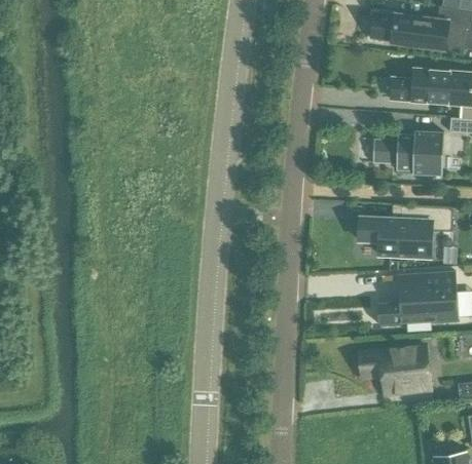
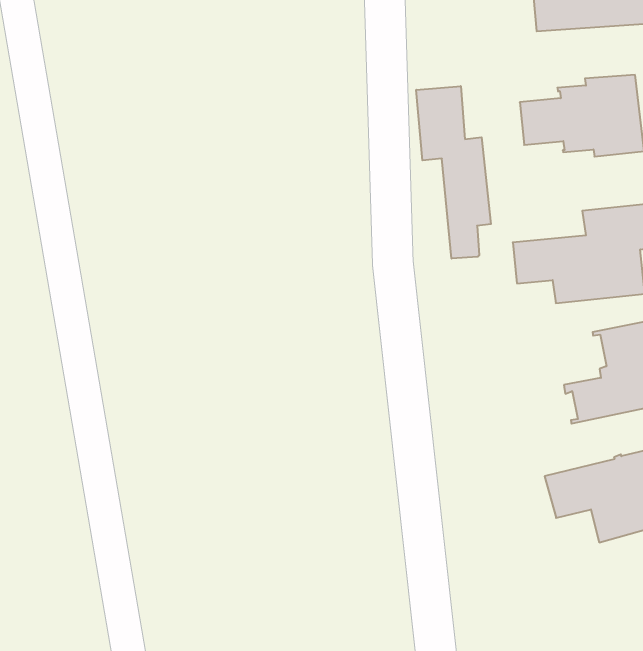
building: none -> [416,86,491,259]

